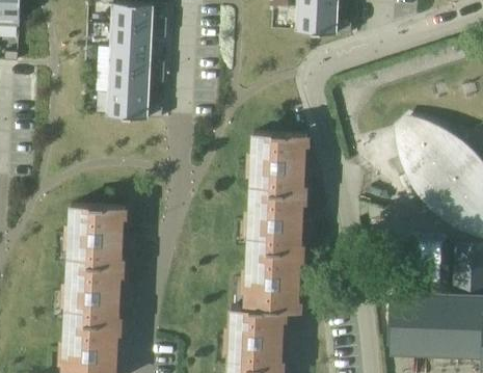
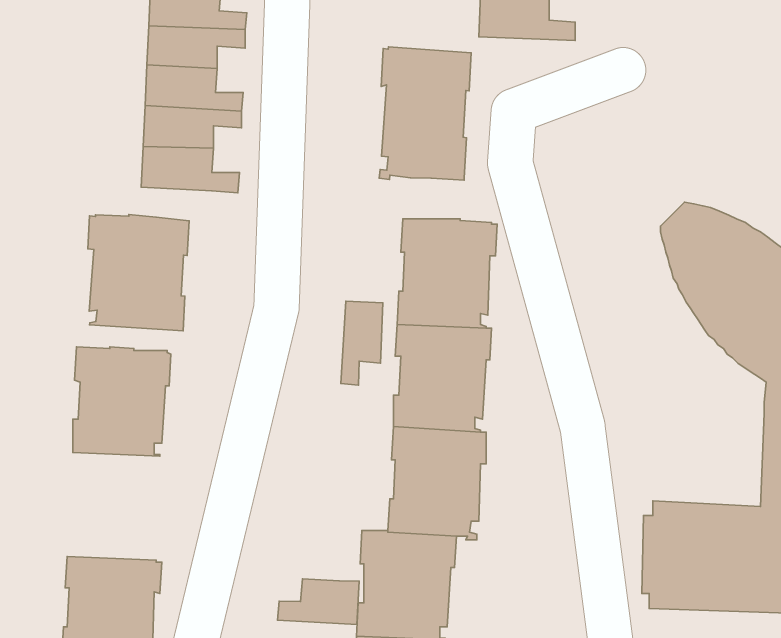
building: none -> [379,47,471,180]
building: none -> [88,214,189,331]
building: none -> [341,301,383,385]
building: [68,265,123,325] -> none
building: none -> [277,579,359,625]

